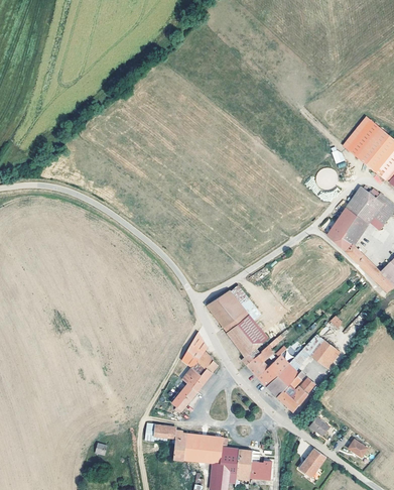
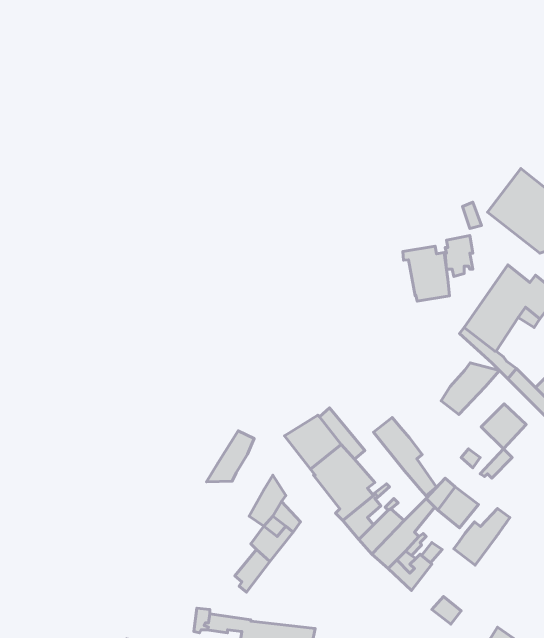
building: none -> [403,246,450,301]
building: none -> [441,363,500,414]
building: none -> [481,404,526,449]
building: none -> [373,418,436,496]
building: none -> [207,431,254,482]
building: none -> [454,509,510,565]

